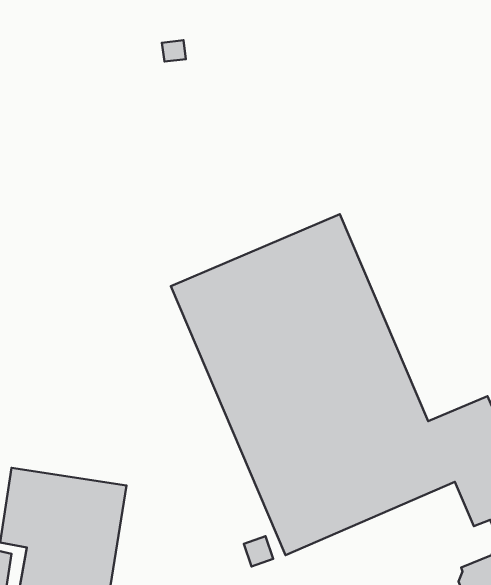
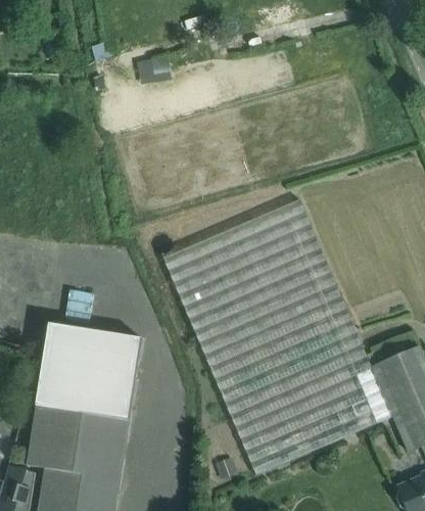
building: none -> [35,324,140,418]

